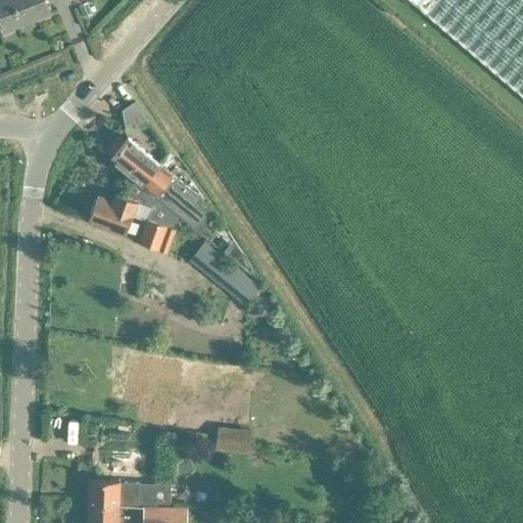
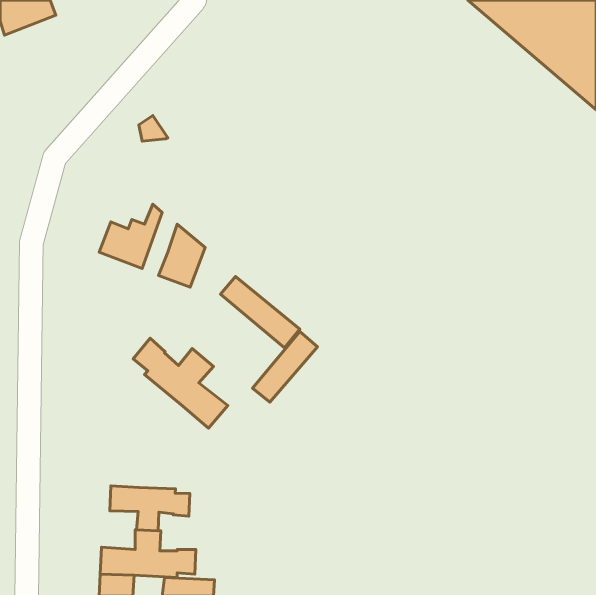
building: [109,138,205,228] -> none
building: none -> [252,332,317,402]
building: none -> [133,338,228,428]
building: none -> [110,486,190,531]

